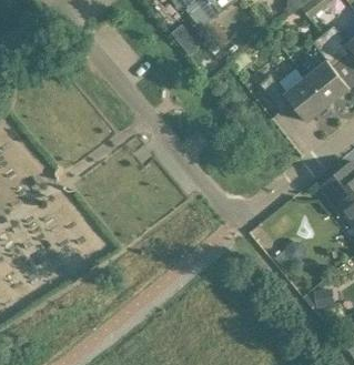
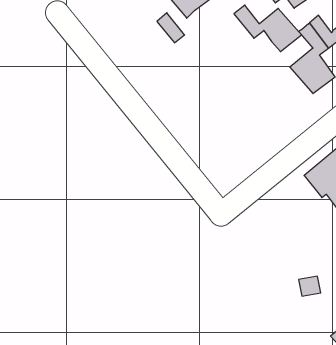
building: [261,74,328,121] -> [234,5,301,52]

